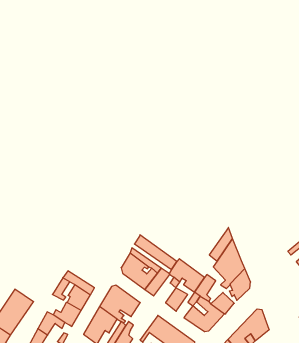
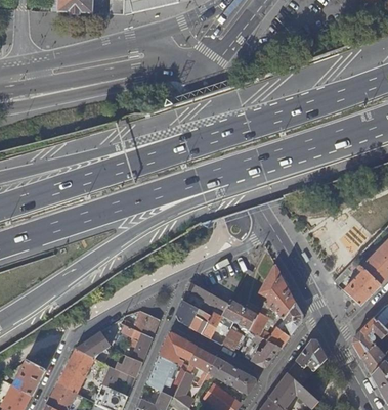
building: none -> [120,311,159,337]
building: none -> [75,331,110,358]
building: none -> [189,347,216,375]

